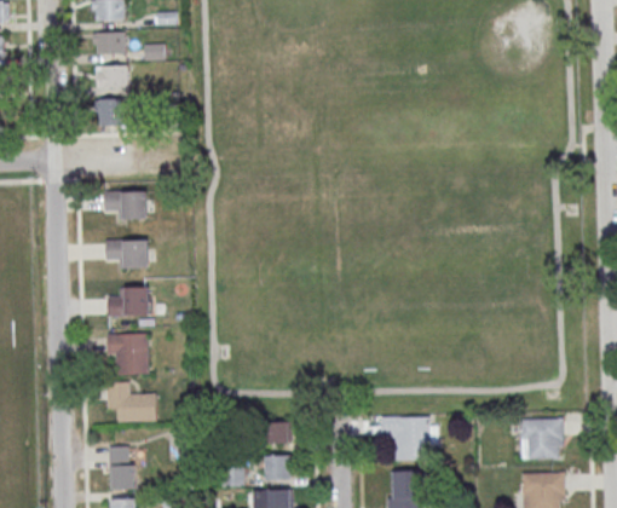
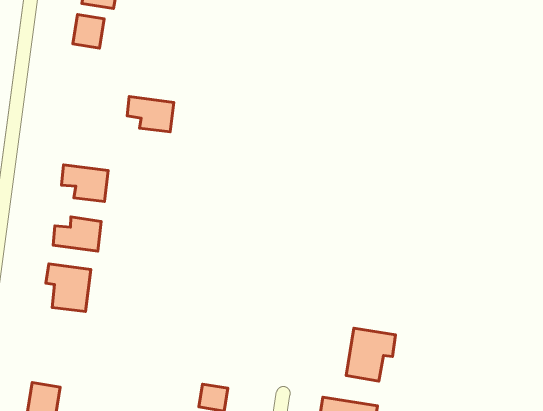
building: [103,191,146,220] -> [127,97,174,132]
building: none -> [346,328,395,381]
building: [106,383,154,422] -> none

